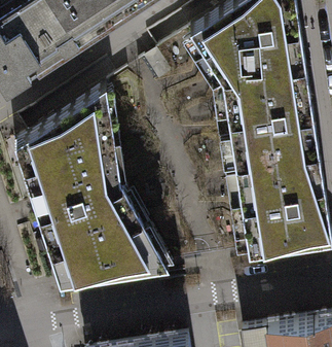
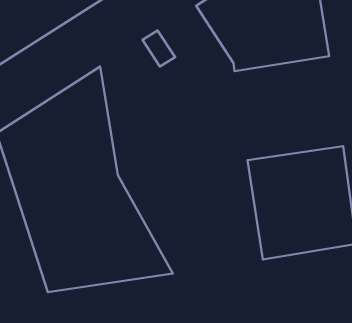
building: [226,82,322,174] -> none

